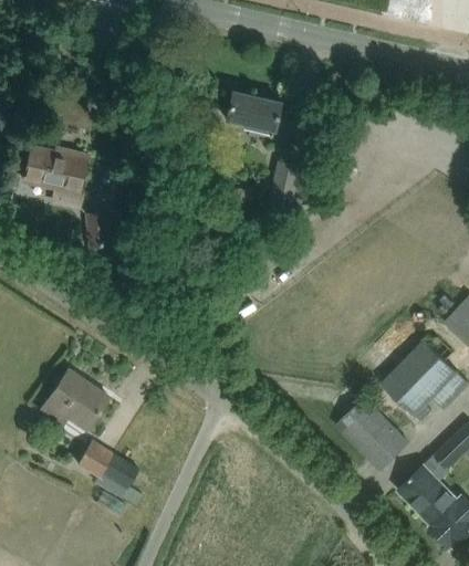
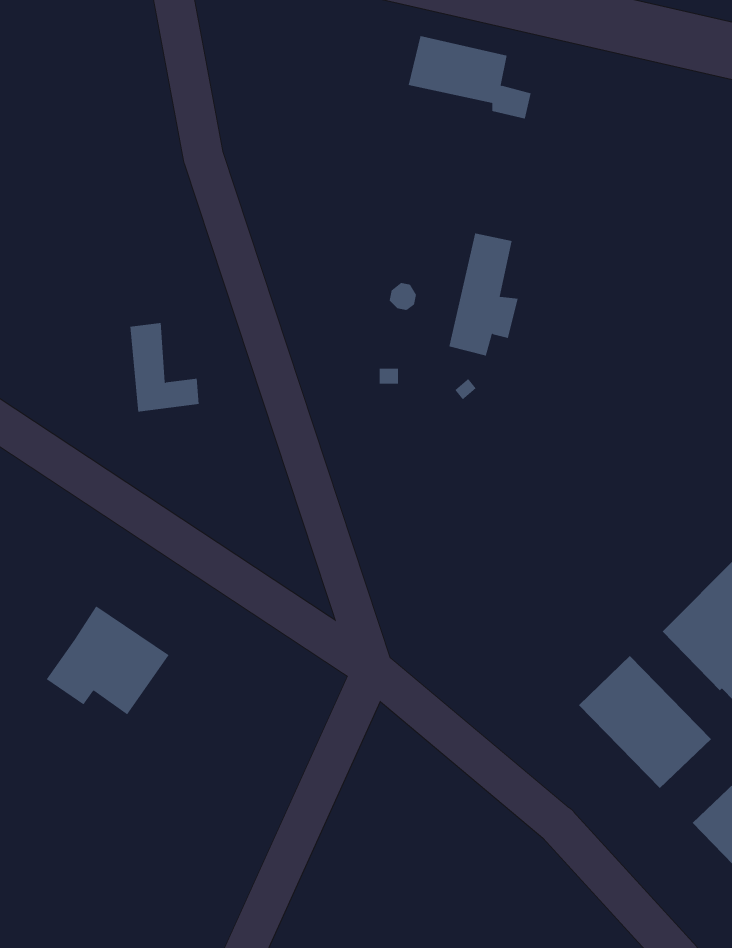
building: [225,91,293,137] -> [408,35,531,119]
building: [23,142,86,207] -> none
building: [77,440,144,506] -> none

